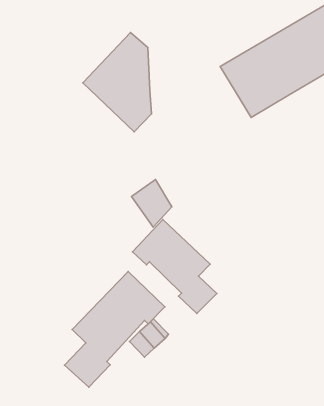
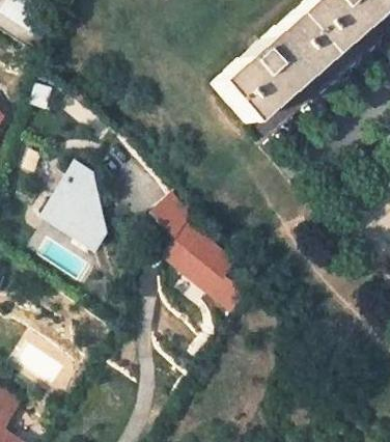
building: [83,33,151,132] -> [43,165,108,252]
building: [65,271,165,387] -> none

